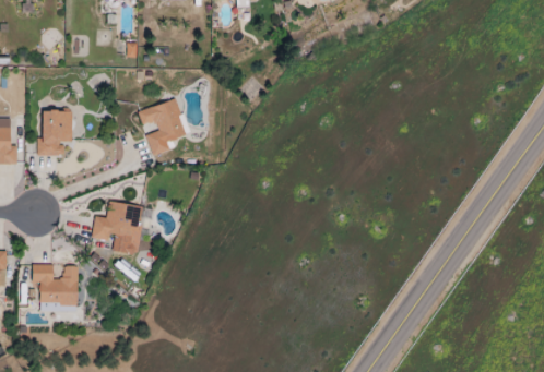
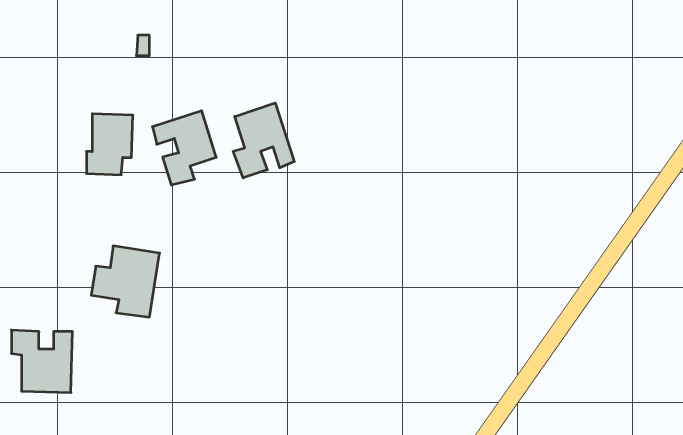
building: none -> [233,103,294,178]
building: [37,110,72,156] -> [86,114,133,175]

